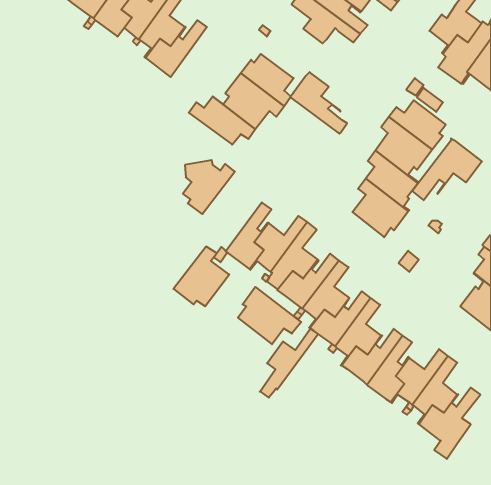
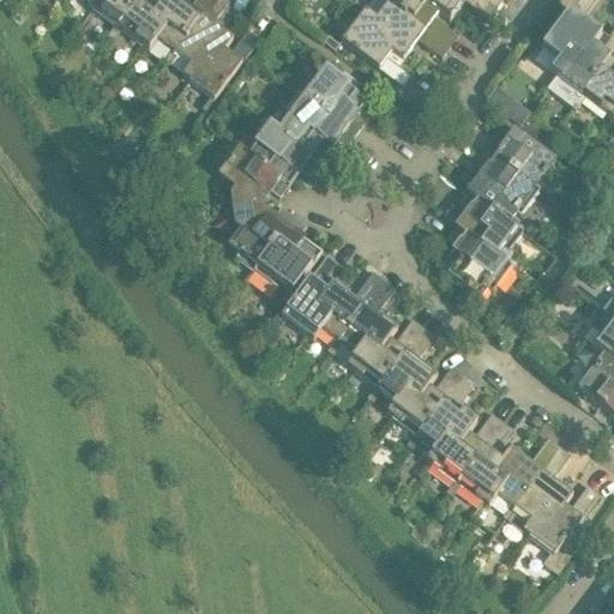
building: [290,72,347,134] -> [339,6,410,83]
building: none -> [218,140,289,205]
building: [412,138,482,200] -> none
building: [173,247,229,306] -> [252,213,321,288]
building: [238,287,301,344] -> none
building: [260,329,318,398] -> none

